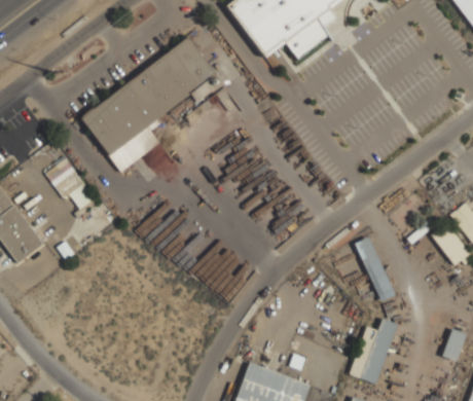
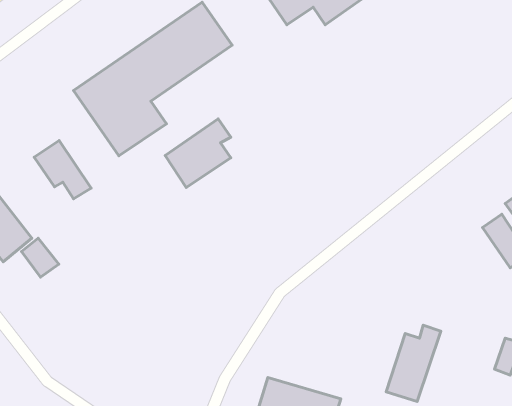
building: none -> [165,119,231,188]
building: [356,235,395,301] -> none
building: none -> [21,238,59,277]

